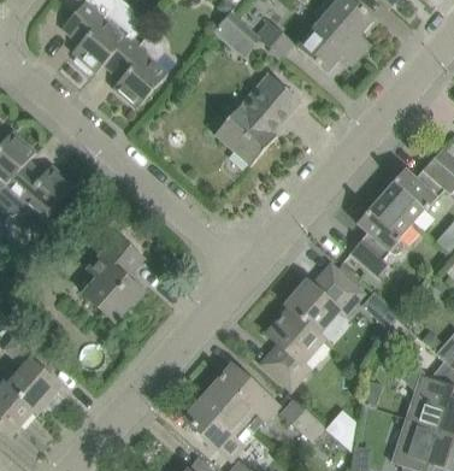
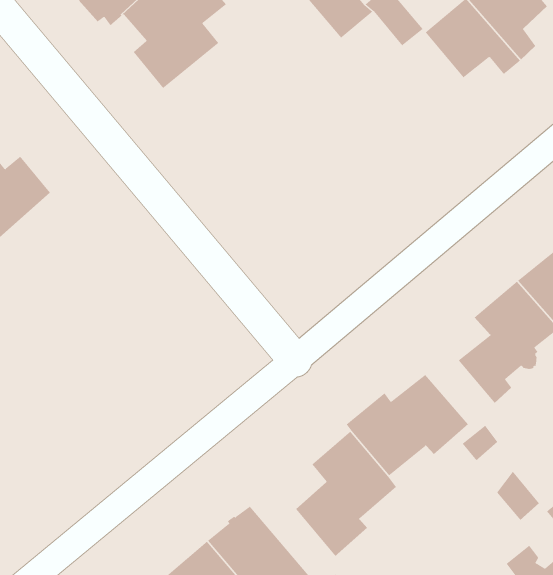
building: [214,72,301,165] -> none
building: [83,235,143,320] -> none

